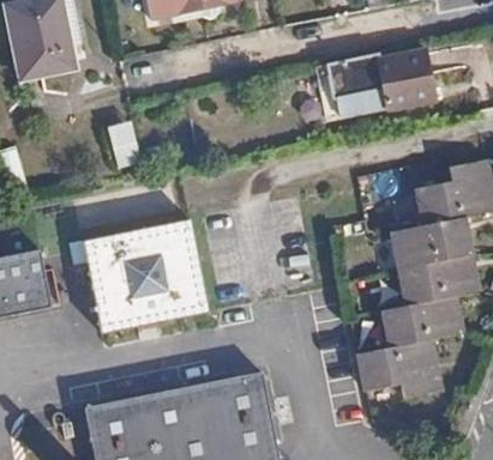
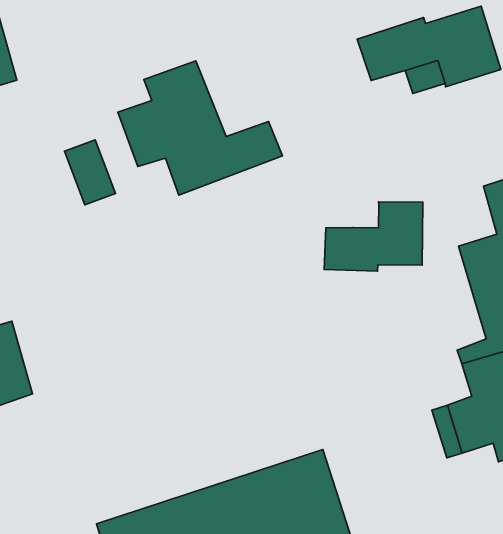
building: none -> [118,61,282,195]
building: none -> [324,202,423,271]
building: [92,218,216,331] -> none

